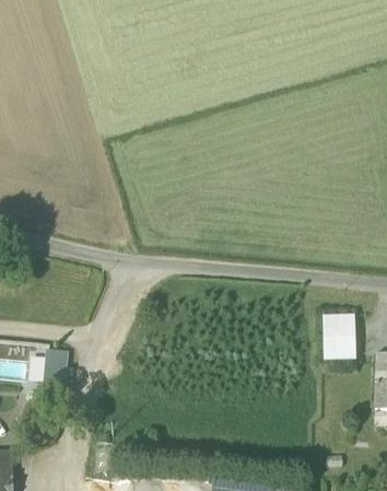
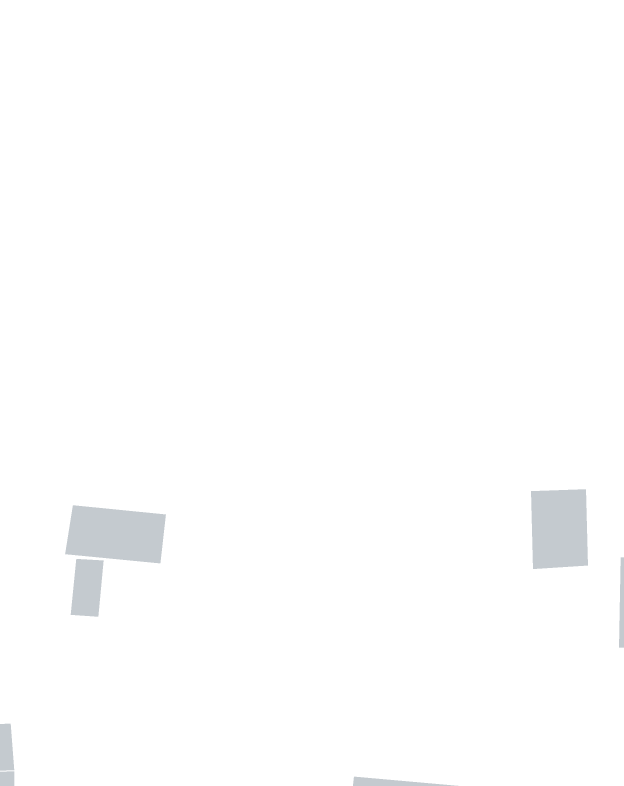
building: none -> [65,505,166,564]

